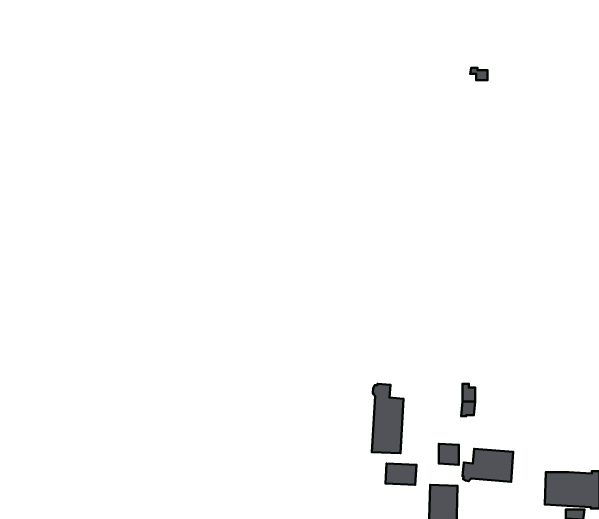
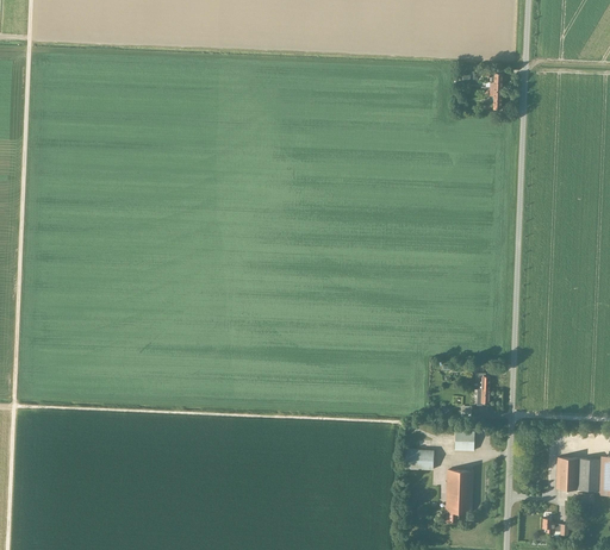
building: [372,384,404,453] -> none
building: [462,449,513,482] -> none

